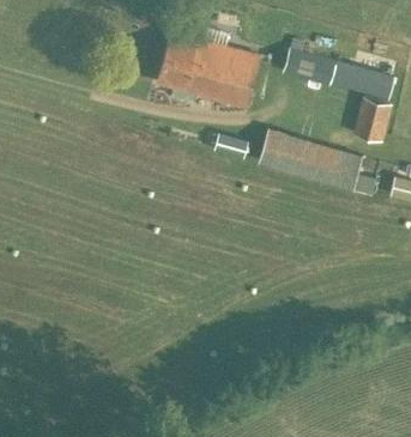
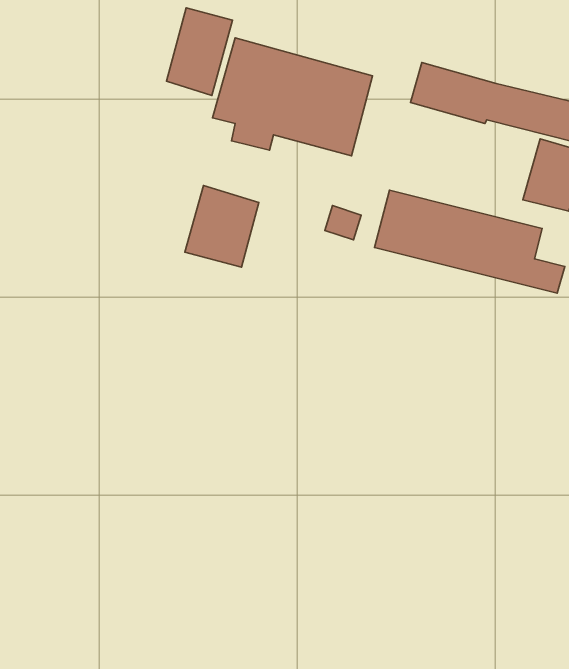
building: none -> [166,8,233,96]
building: none -> [185,185,259,267]

